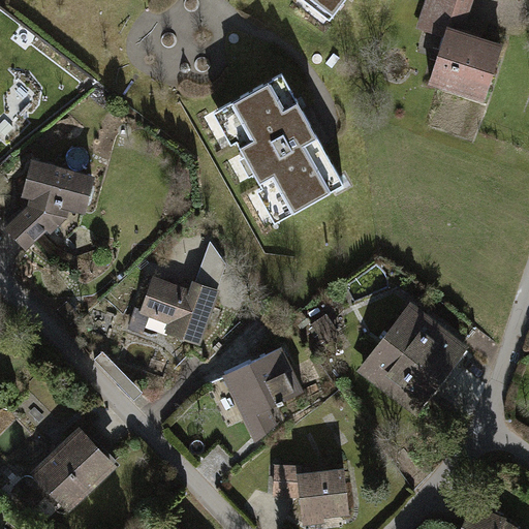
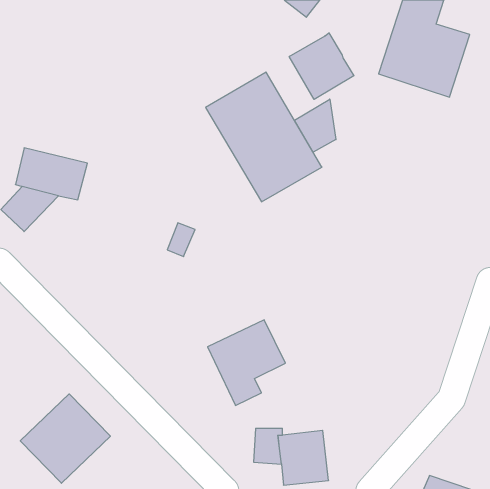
building: none -> [289,33,354,99]
building: none -> [294,99,336,152]
building: [139,277,219,345] -> none
building: [353,298,471,417] -> none

